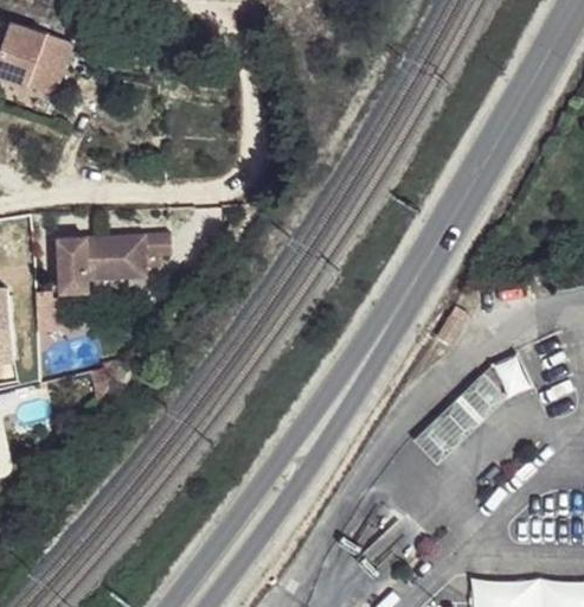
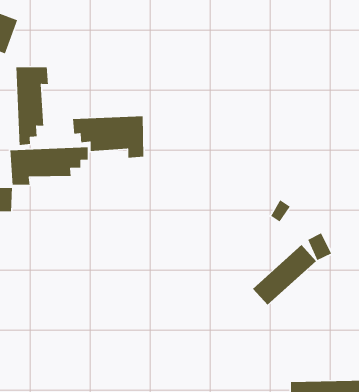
building: none -> [15,66,49,146]
building: none -> [72,116,144,159]

